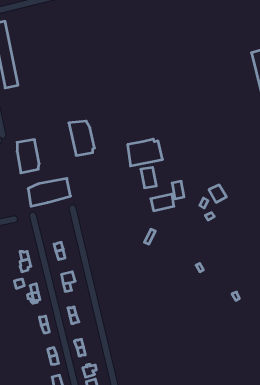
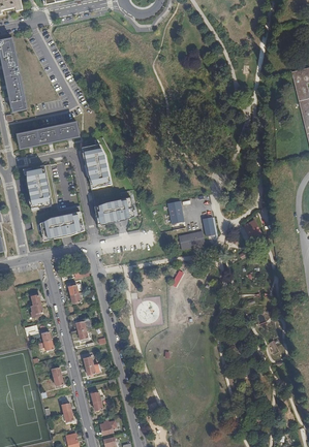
building: none -> [18,121,79,148]
building: [128,139,163,166] -> [95,198,134,228]

